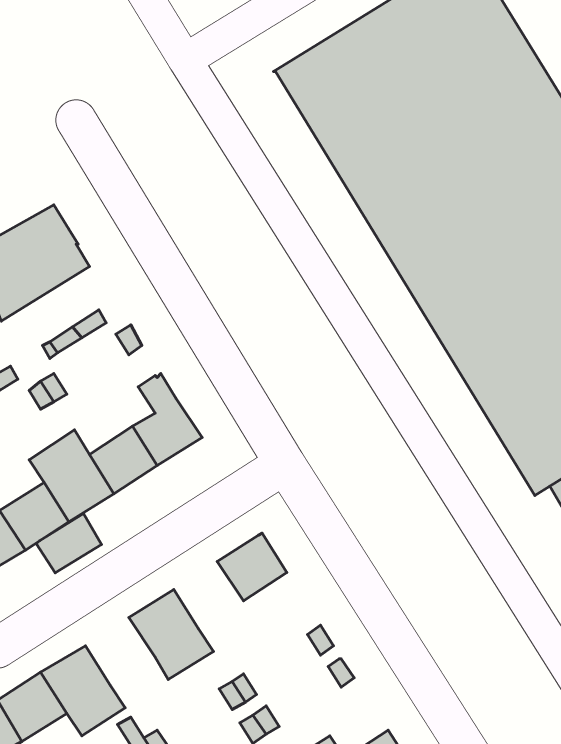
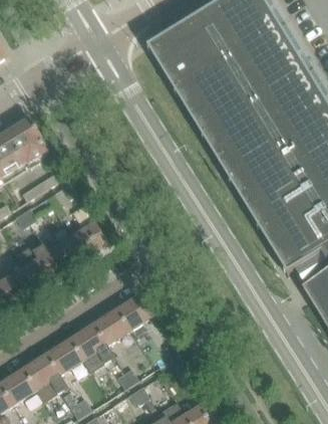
building: [36,513,102,573] -> none
building: none -> [94,307,131,344]
building: none -> [47,338,84,374]

